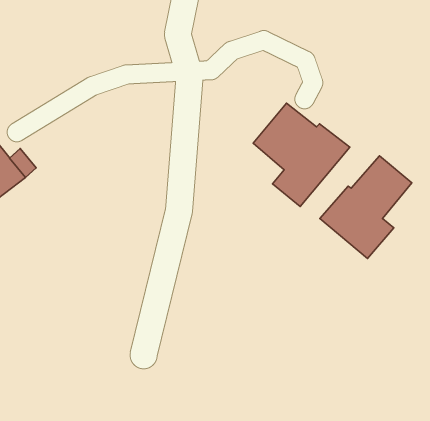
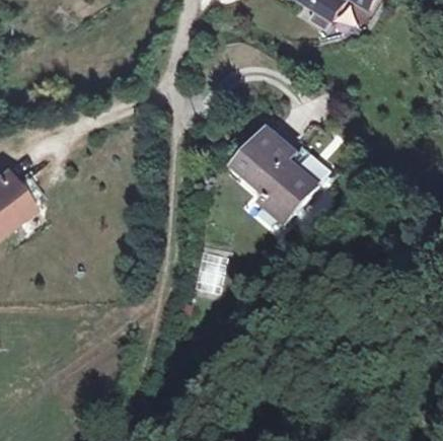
building: [320,156,412,259] -> none

